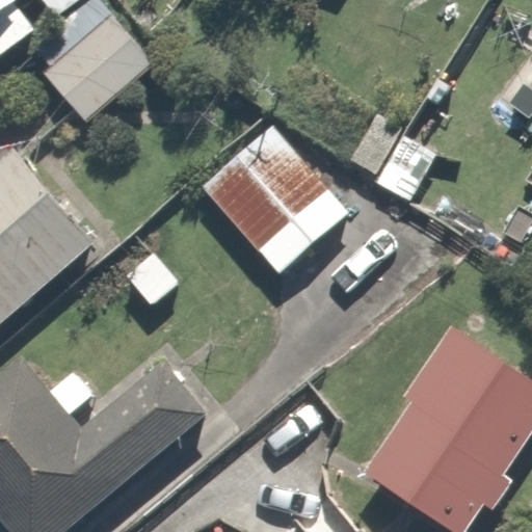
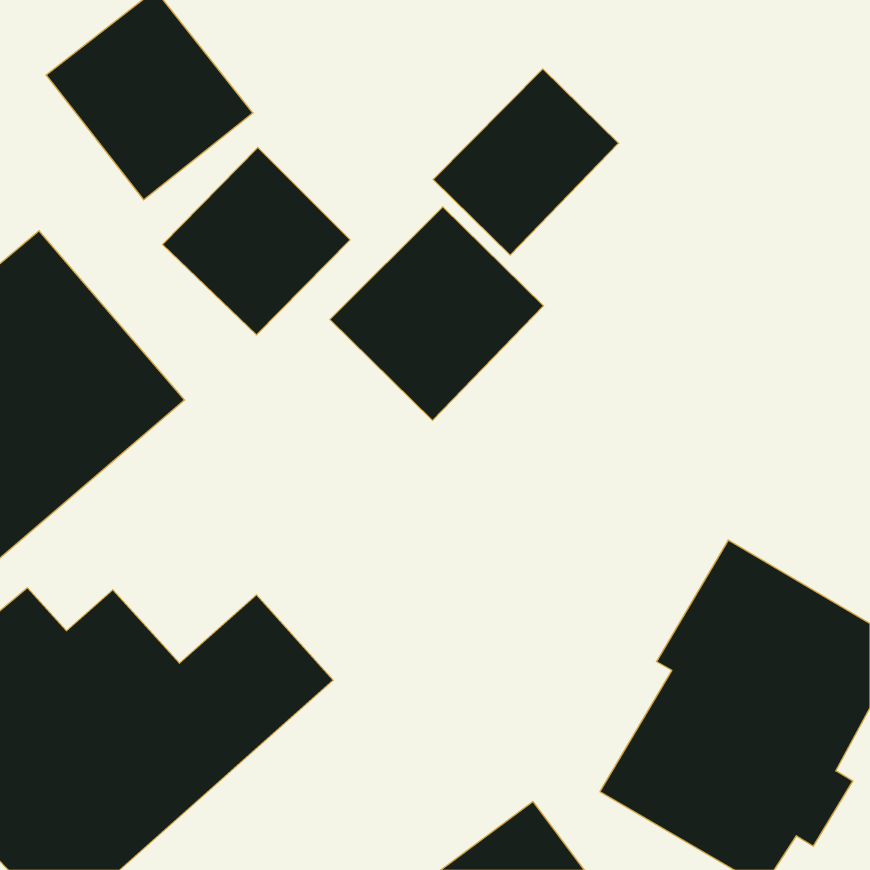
building: none -> [433,69,619,255]
building: none -> [163,147,350,335]

